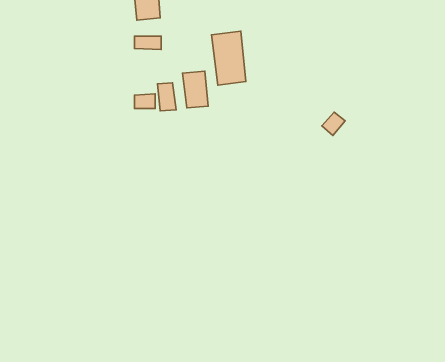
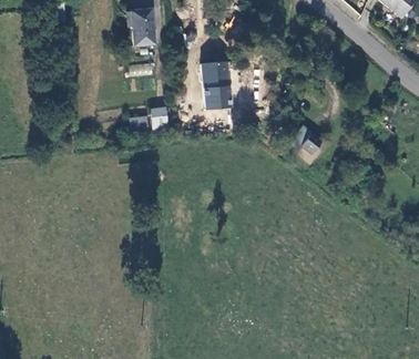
building: [182,71,208,108] -> none

